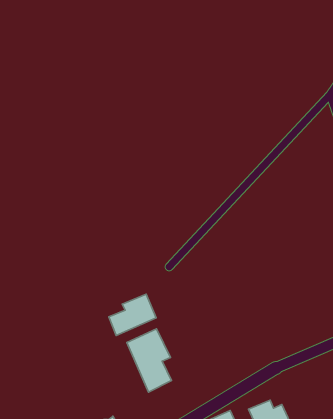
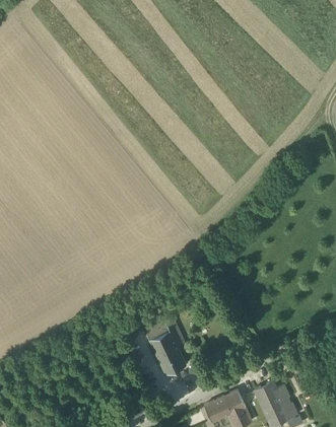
building: [109,294,156,336] -> none

